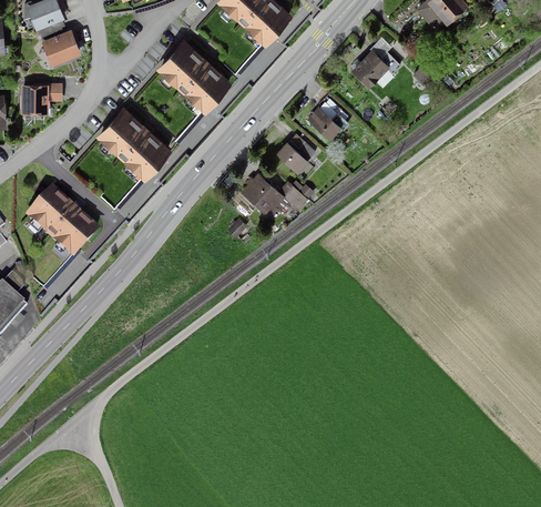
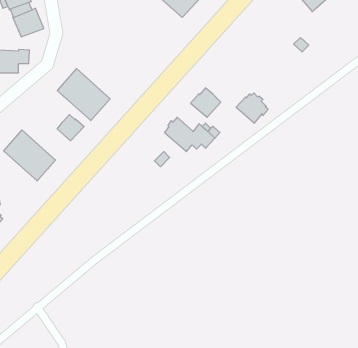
building: [350,38,400,90] -> none
building: [160,44,226,110] -> none
building: [306,101,348,141] -> [236,93,268,123]
building: none -> [57,115,84,141]

